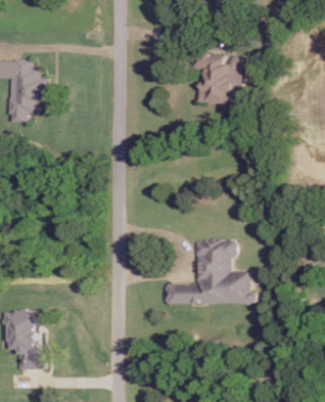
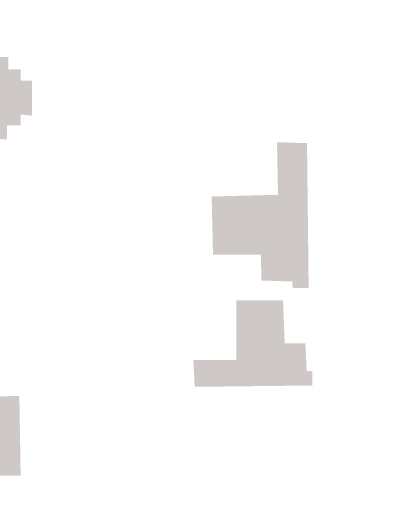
building: [195,53,241,103] -> none
building: none -> [211,142,309,289]

